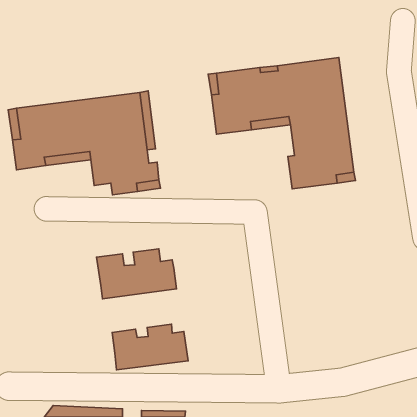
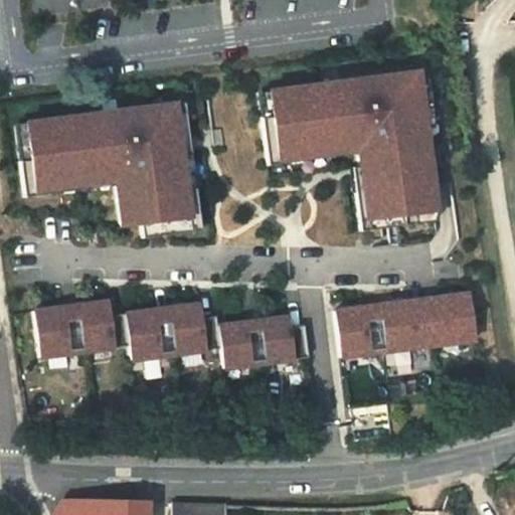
building: none -> [337,292,478,355]
building: none -> [36,299,132,357]
building: [112,324,188,370] -> [220,314,312,369]

